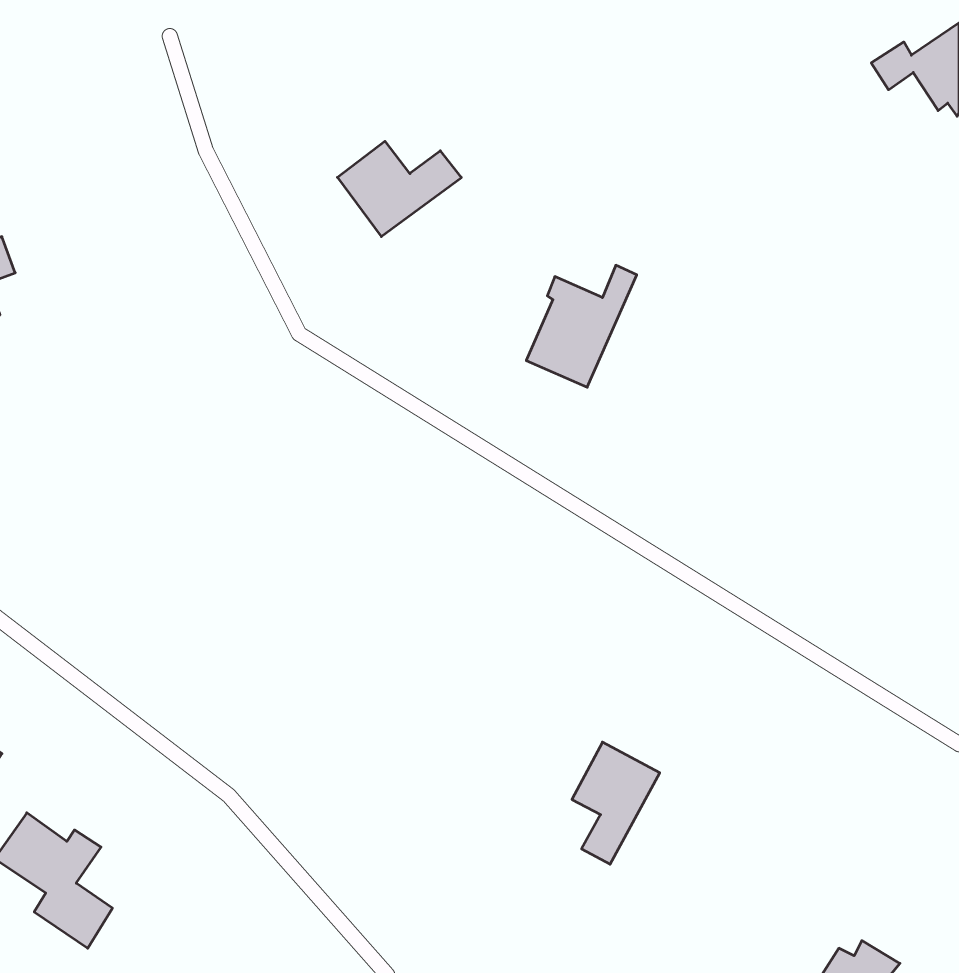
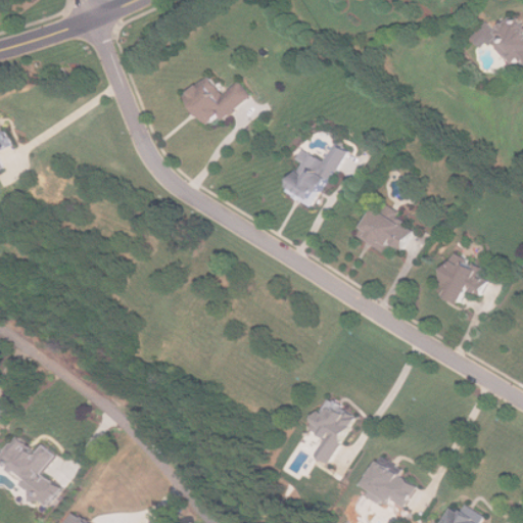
building: none -> [354,207,412,252]
building: none -> [435,253,486,303]
building: none -> [361,461,416,508]

